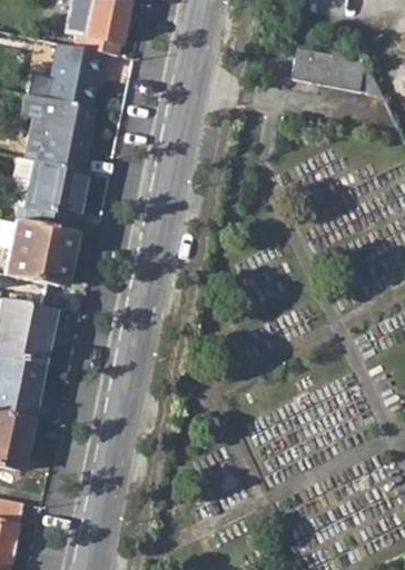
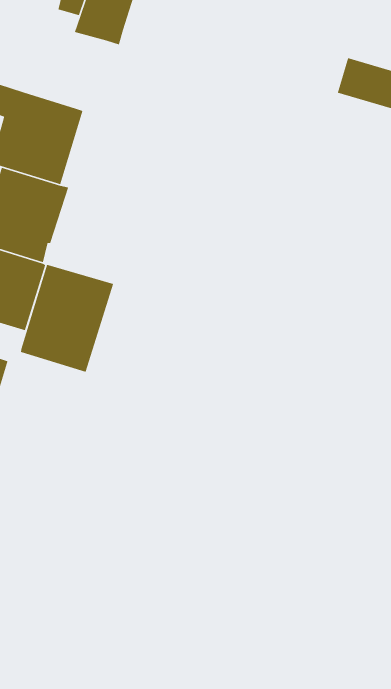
building: [49,43,109,108] -> none
building: none -> [20,264,114,373]

